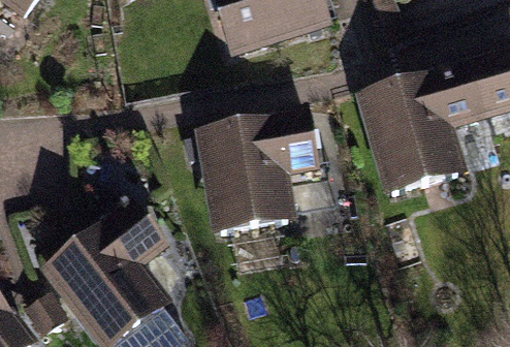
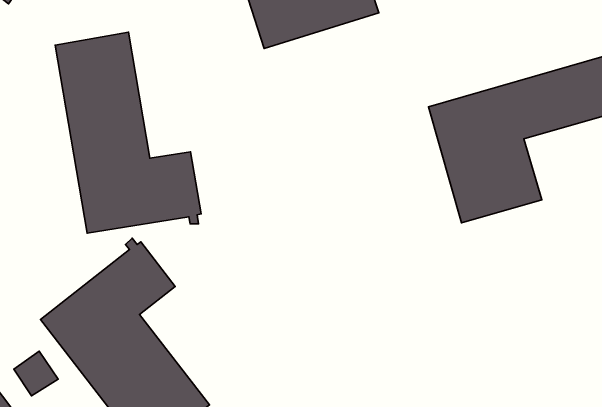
building: none -> [55,32,201,233]
building: [202,116,313,230] -> none

